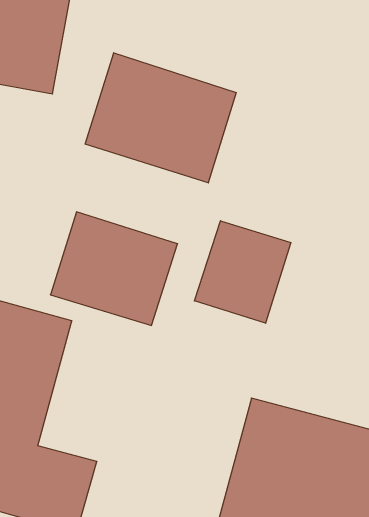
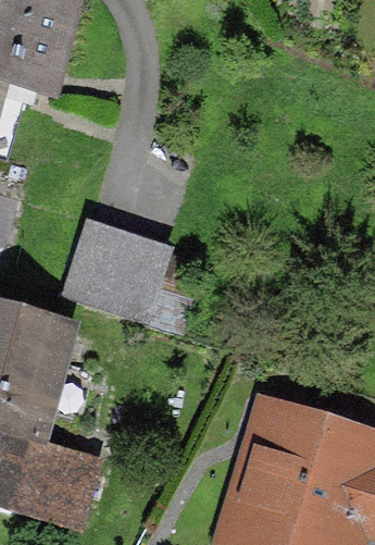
building: [85,53,236,183] -> none
building: [194,221,291,323] -> none

